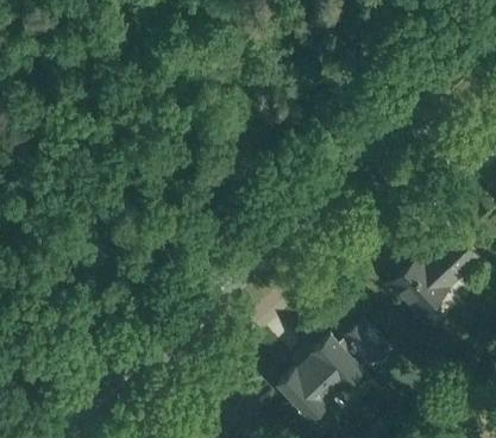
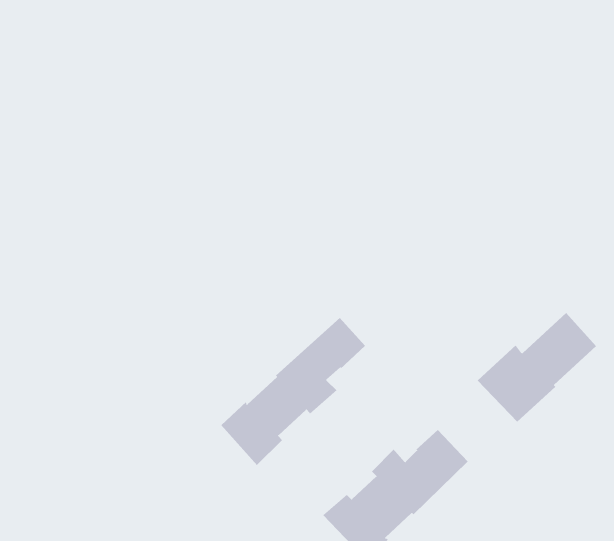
building: none -> [220,317,366,466]

